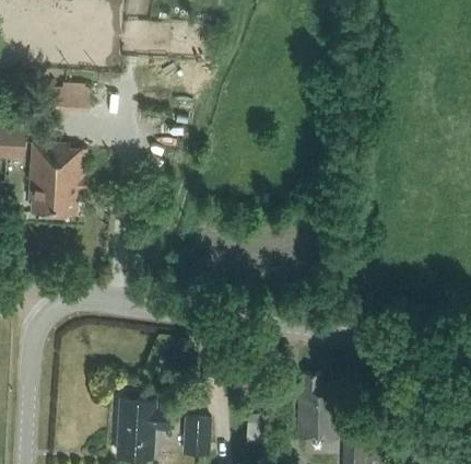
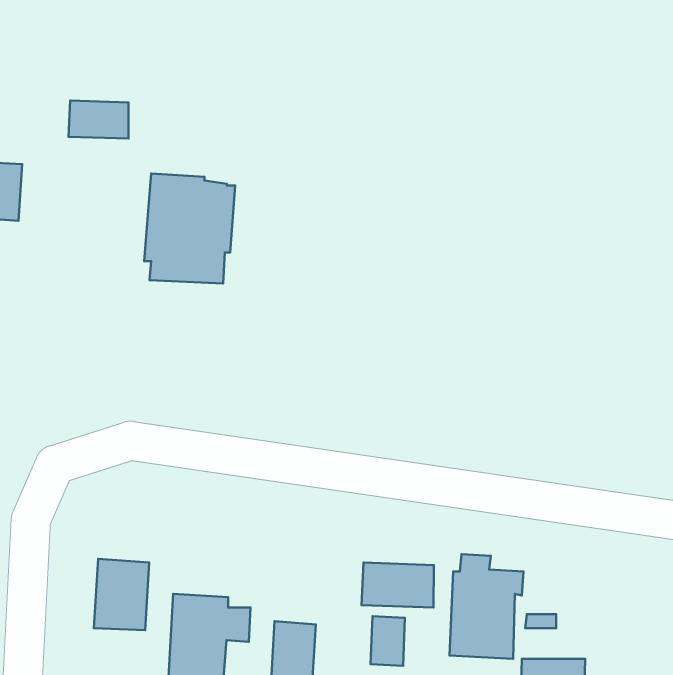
building: [27,143,85,213] -> [144,174,235,283]
building: none -> [94,559,149,630]
building: none -> [361,563,434,608]

